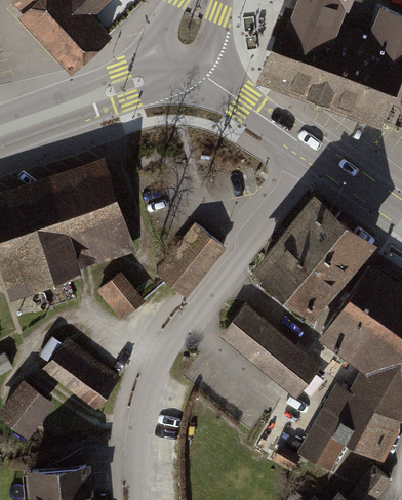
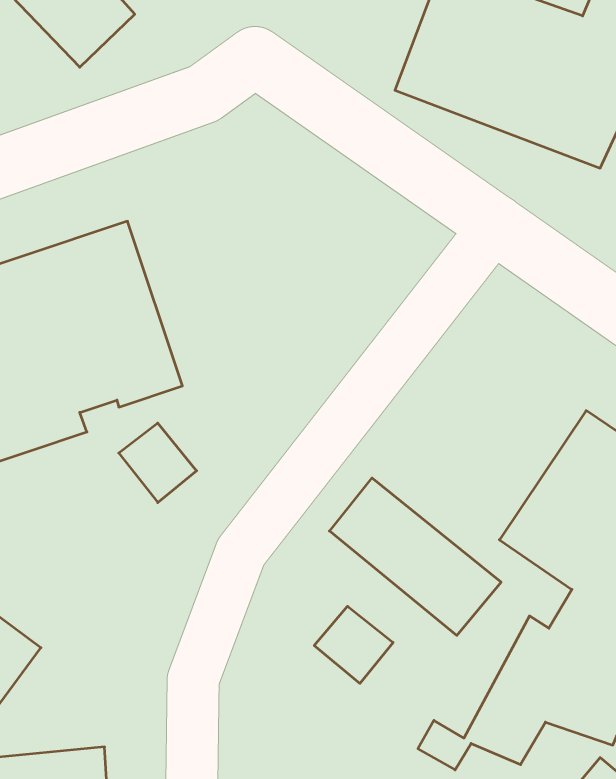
building: [251,192,373,316] -> none
building: [158,227,225,298] -> none
building: [45,342,118,410] -> none
building: none -> [314,606,393,683]

